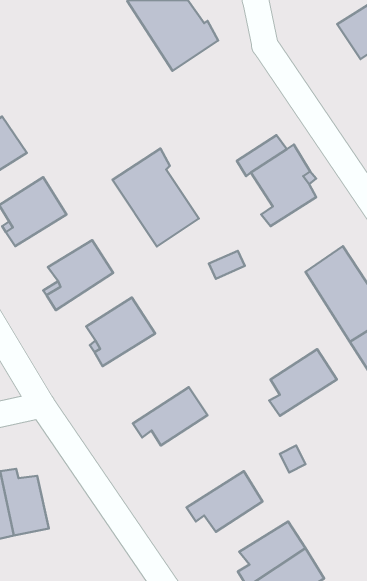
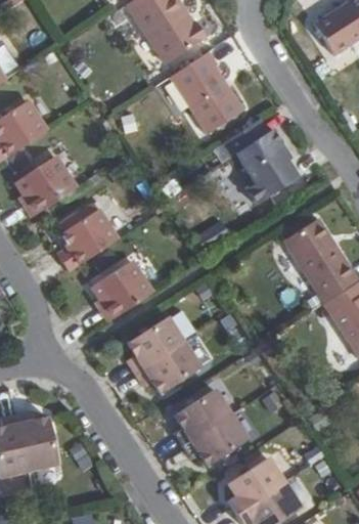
building: [113,148,199,246] -> [170,49,245,135]
building: [269,349,337,416] -> [171,388,230,446]
building: none -> [124,314,182,373]

